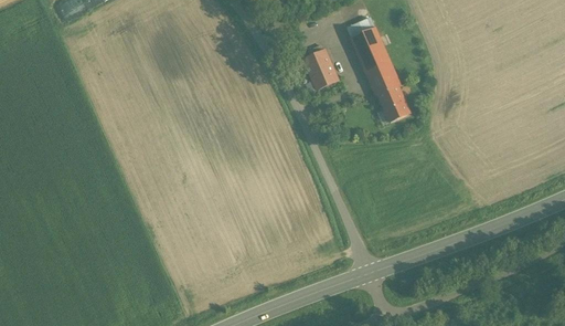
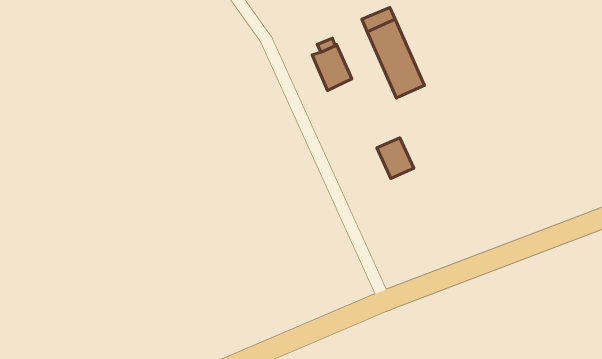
building: [380,88,412,124] -> [377,138,414,178]

